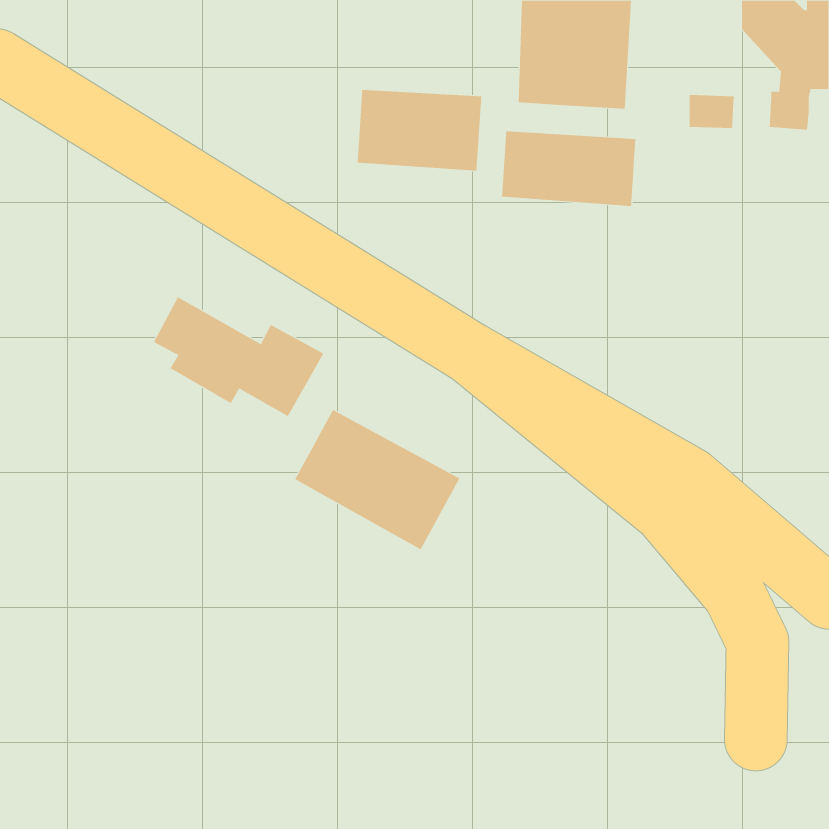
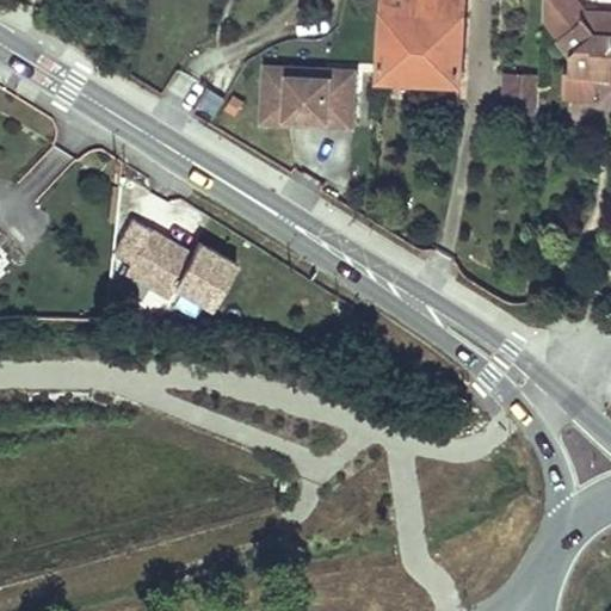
building: [501,130,636,207] -> none
building: [294,409,460,550] -> none

